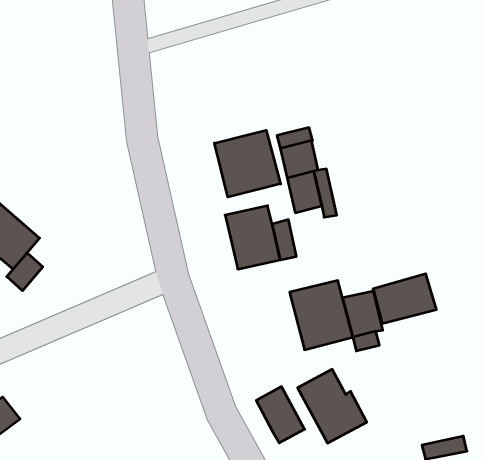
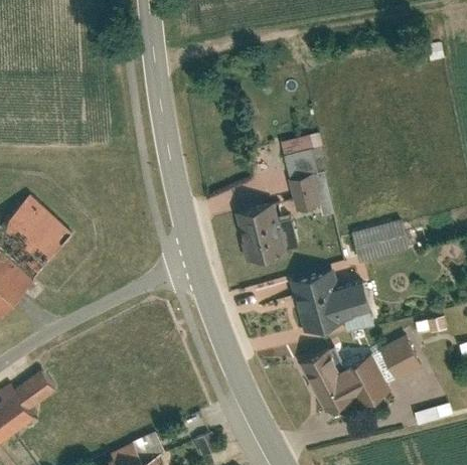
building: [214,130,281,197] -> none
building: [7,253,43,291] -> none
building: [373,274,436,323] -> [352,219,408,263]
building: none -> [377,336,420,380]
building: [256,387,305,443] -> [344,355,386,405]

